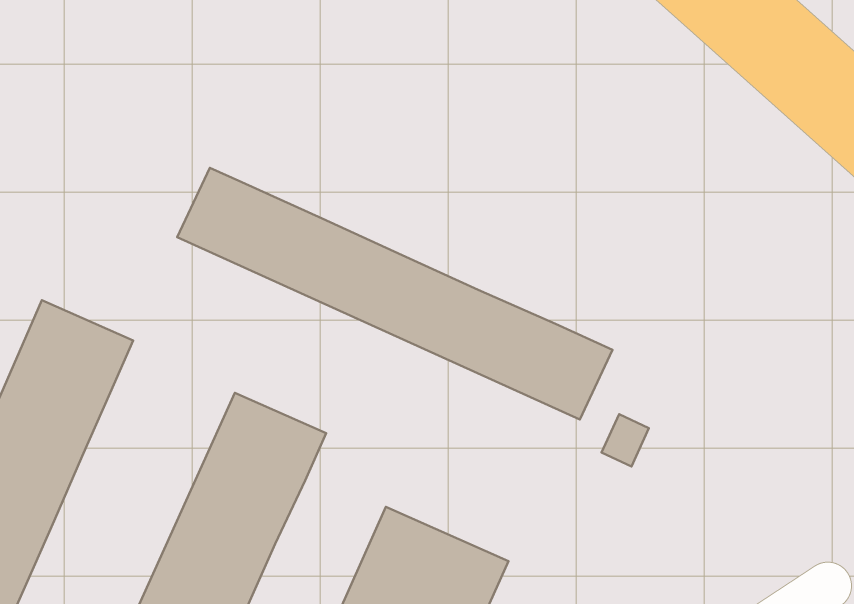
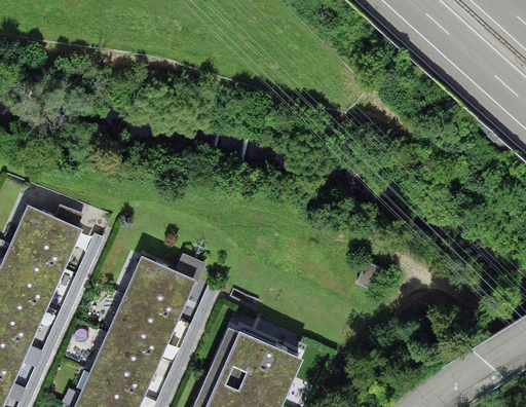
building: [177,168,612,419] -> none

